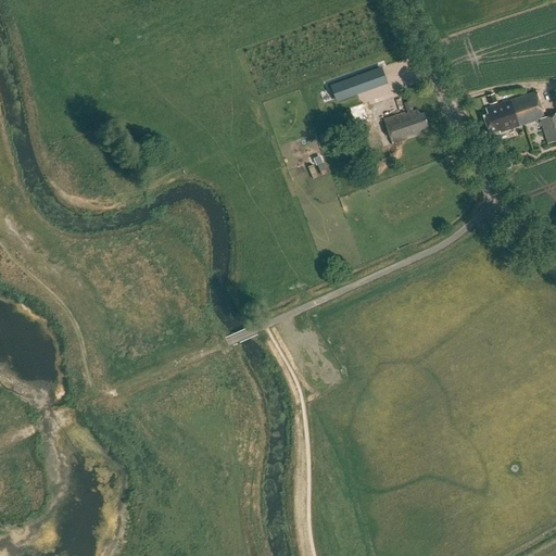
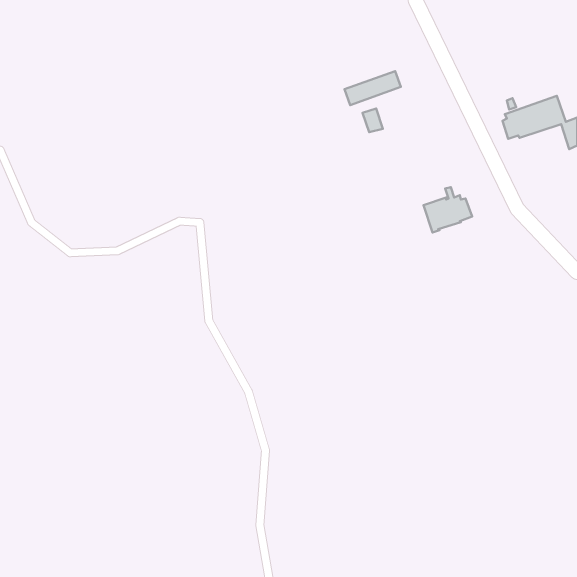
building: [383,102,430,146] -> [424,187,472,232]

